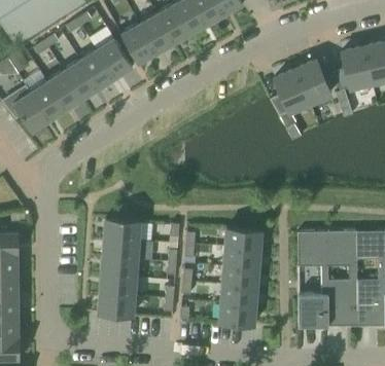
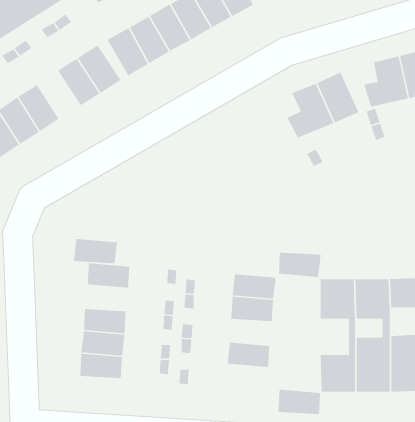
building: [63,60,99,100] -> none
building: [102,237,139,259] -> [73,238,118,264]
building: [222,266,258,288] -> [278,252,321,278]
building: [219,303,255,325] -> [278,389,321,415]

